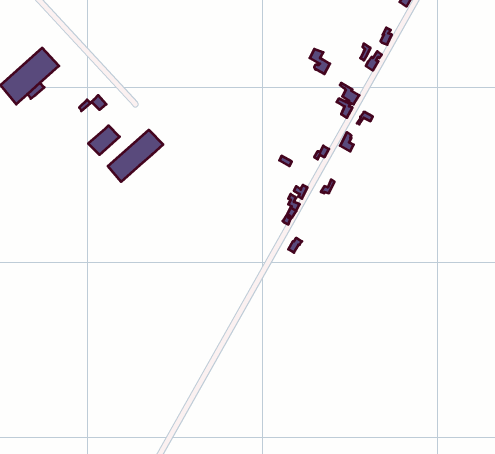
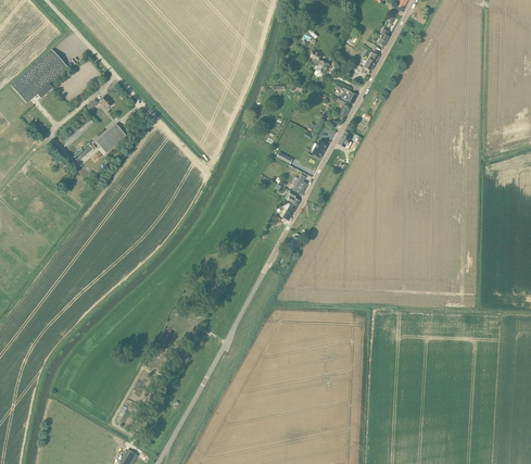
building: [108,130,163,182] -> none

